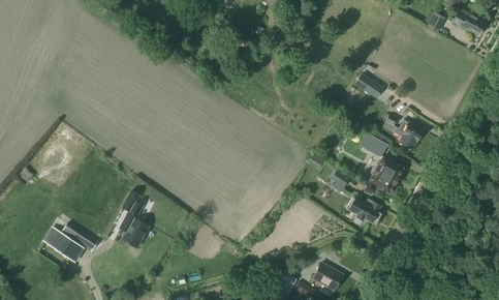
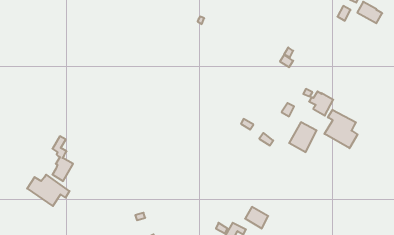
building: none -> [324,110,358,148]
building: [122,191,148,247] -> [52,136,73,181]
building: [352,200,380,222] -> none

